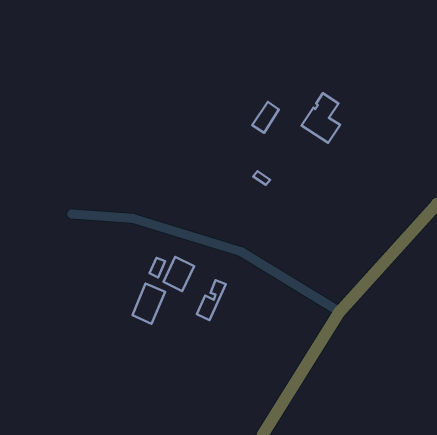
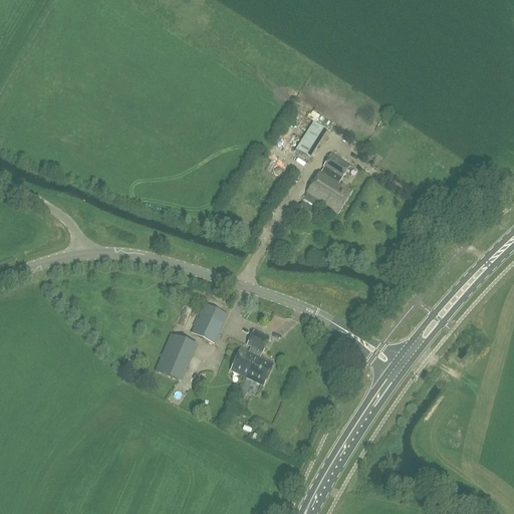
building: [302,93,340,143] -> [307,152,352,210]
building: none -> [246,333,274,383]

